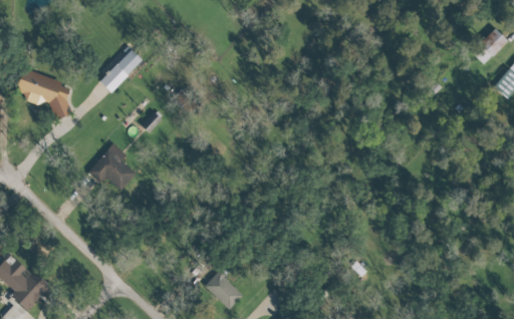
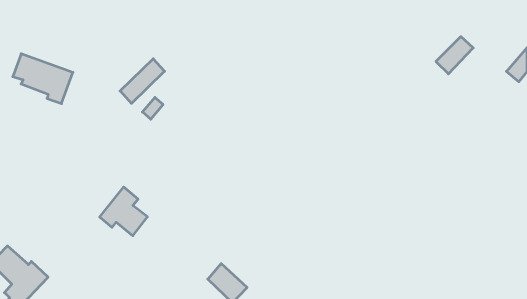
building: [472,29,508,65] -> [436,37,473,74]
building: [99,49,143,92] -> [120,59,165,103]
building: [88,143,135,191] -> [100,187,147,236]

